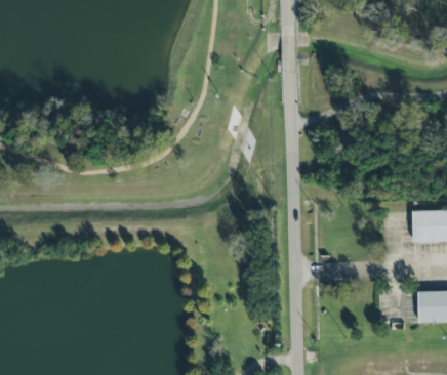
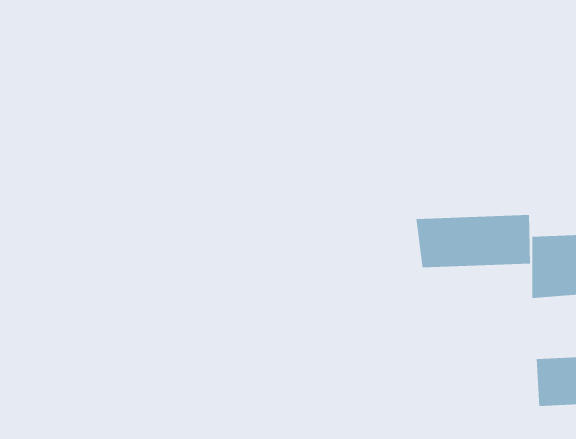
building: none -> [416,214,531,268]

